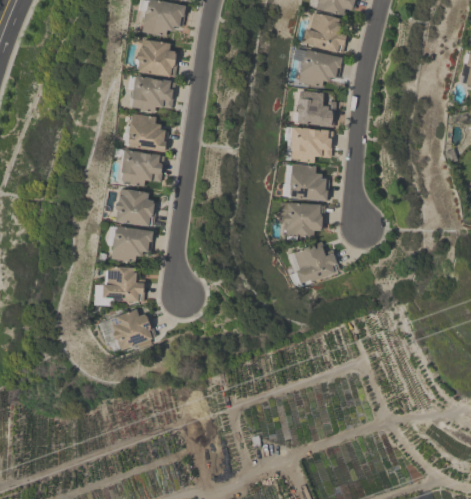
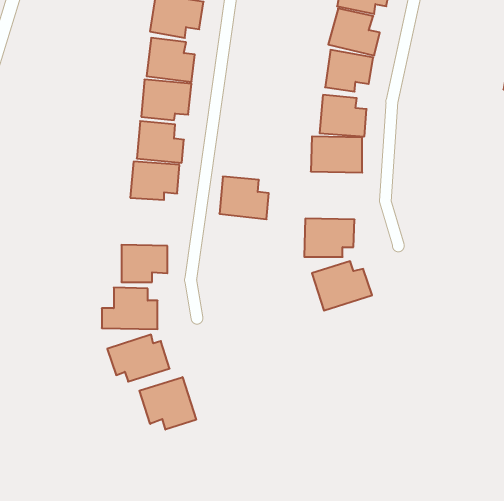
building: [285,163,330,202] -> [219,177,269,219]
building: [113,188,156,227] -> none
building: none -> [139,377,196,430]

